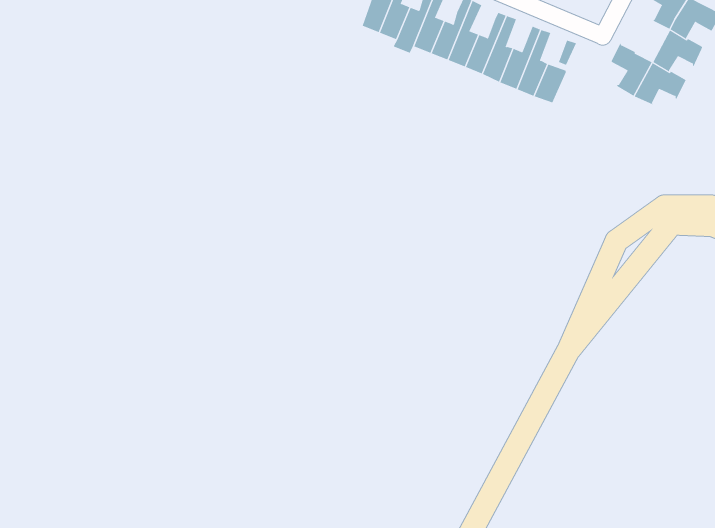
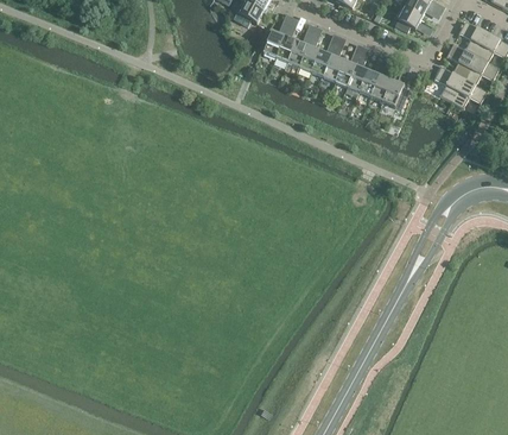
building: none -> [446,40,476,77]

